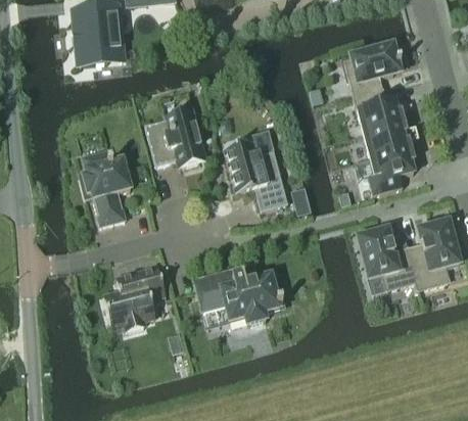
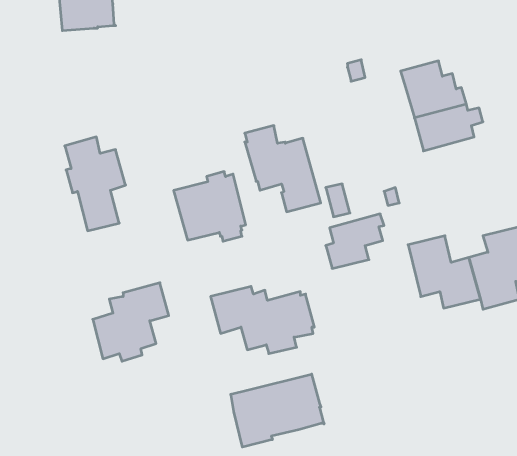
building: [342,45,401,95] -> none
building: [144,108,202,165] -> [174,172,246,241]
building: [367,148,414,192] -> [326,214,384,268]
building: none -> [231,374,324,447]

